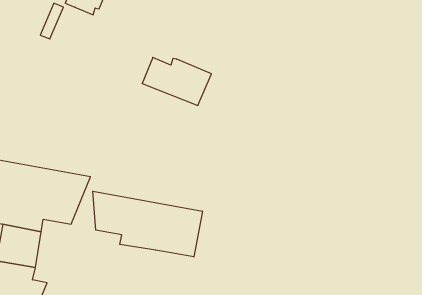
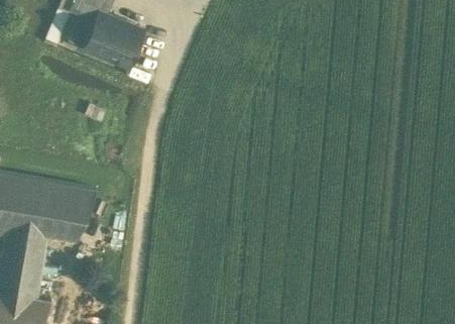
building: [142,57,211,106] -> [69,13,141,64]
building: [93,191,202,257] -> none

